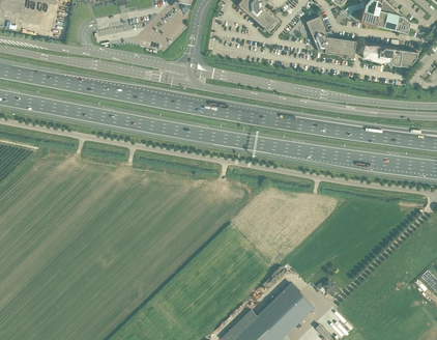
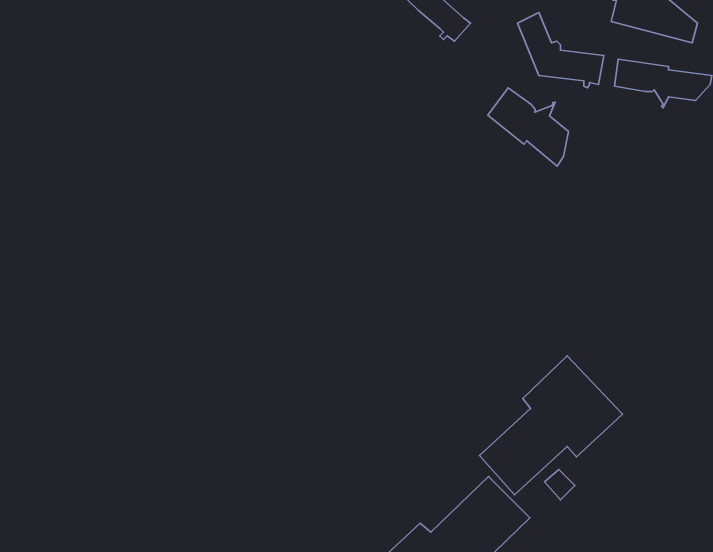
building: none -> [488,88,569,166]
building: none -> [479,356,623,495]

